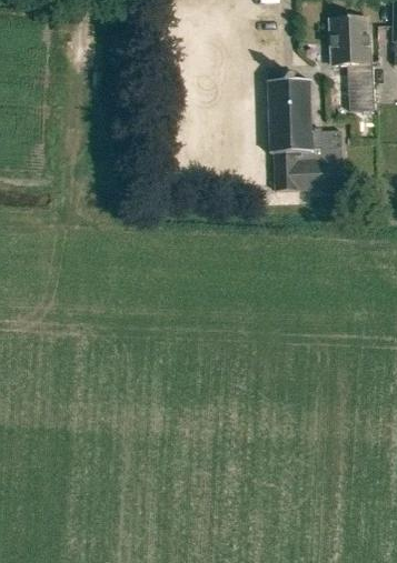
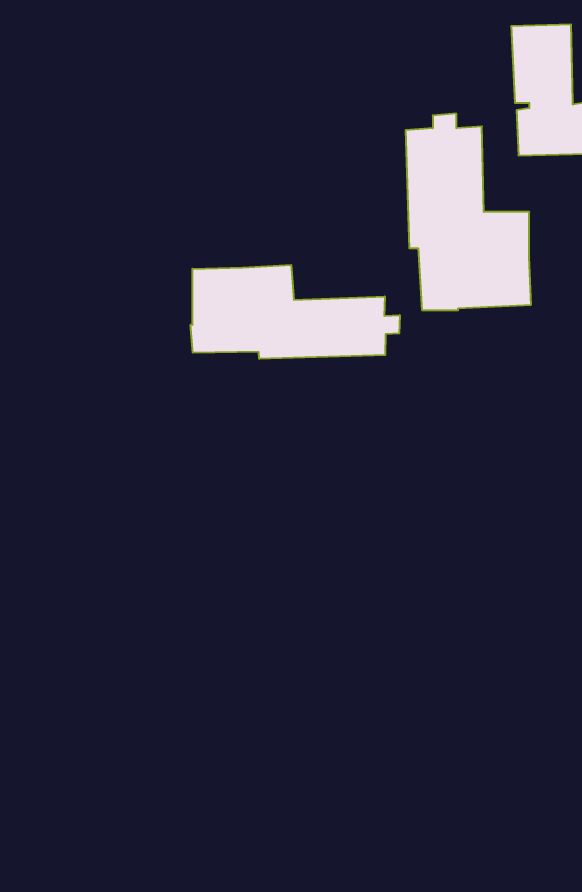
building: none -> [191,265,400,359]

